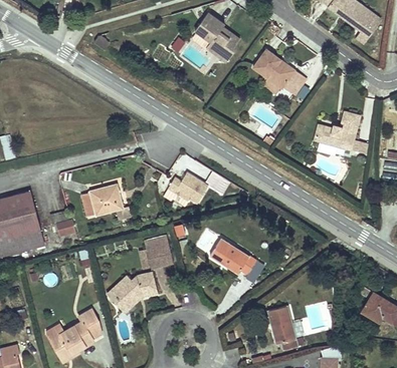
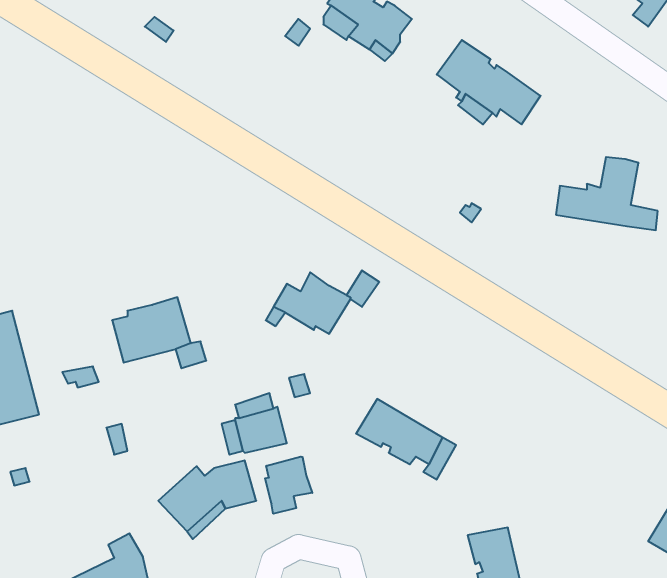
building: none -> [265,457,312,514]

